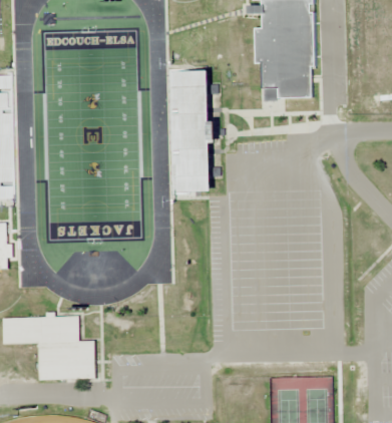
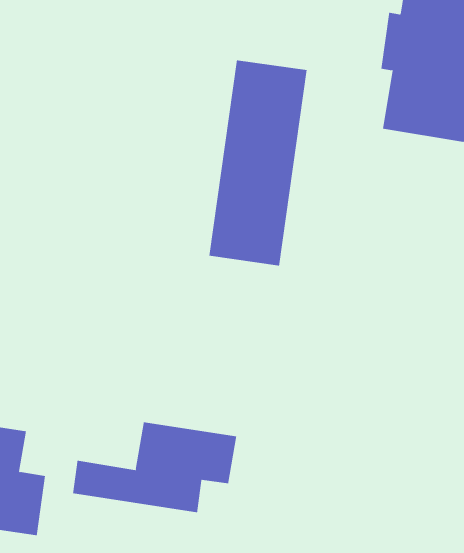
building: none -> [72,421,237,513]

